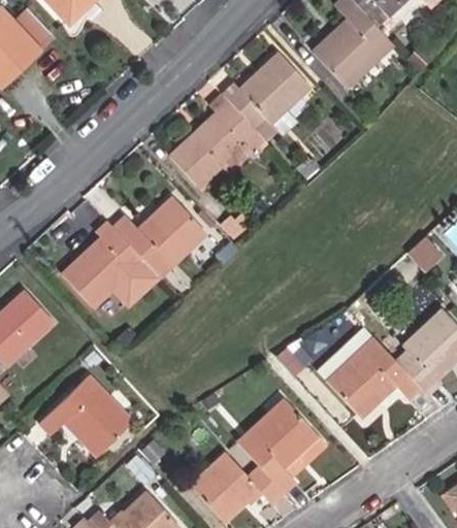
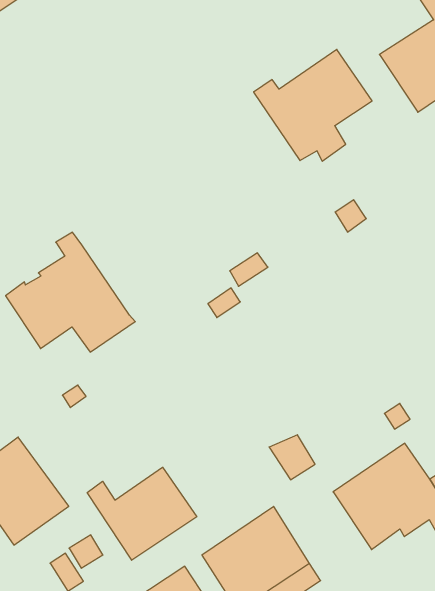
building: [168,94,268,187] -> none
building: [111,196,206,277] -> none
building: none -> [87,467,197,560]

